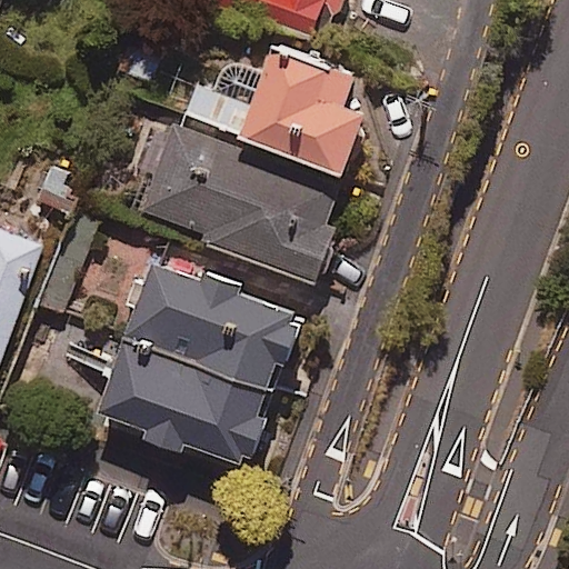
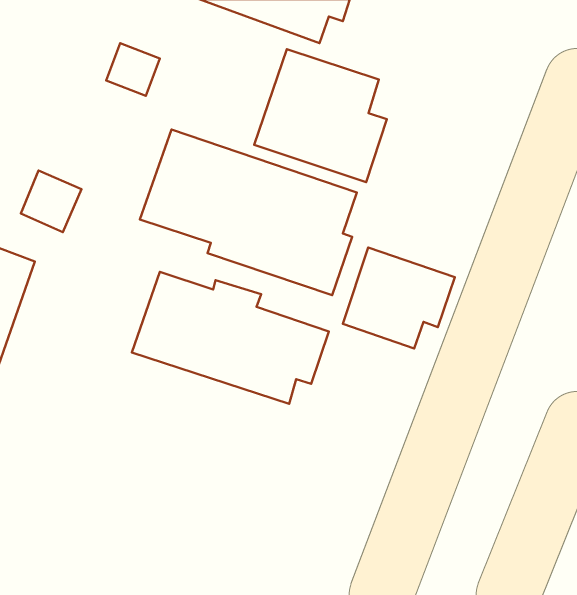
building: none -> [343,248,455,348]
building: [99,336,276,465] -> none

